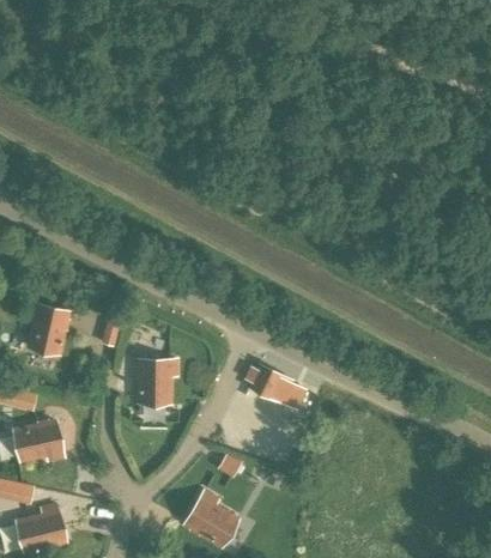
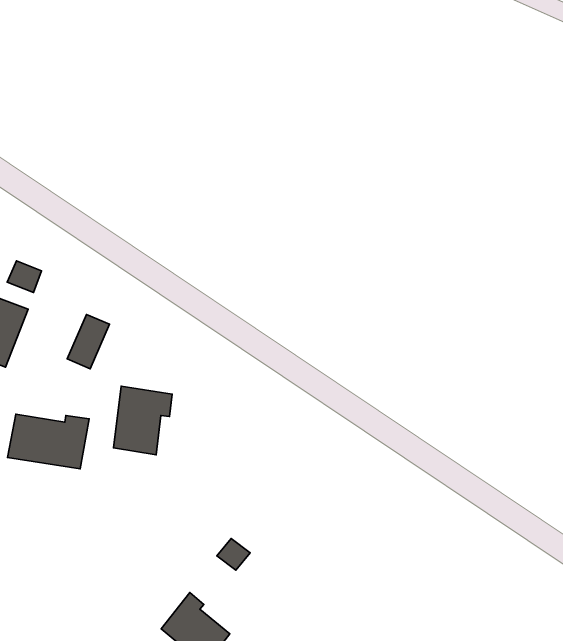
building: [248,365,293,402] -> none
building: none -> [8,414,89,469]

